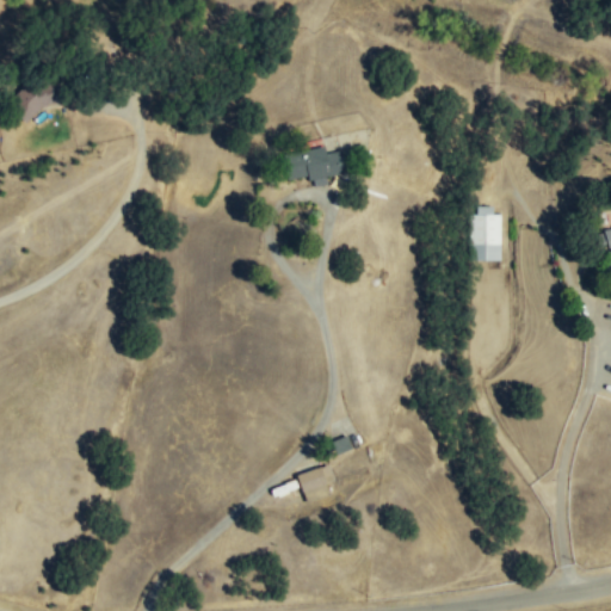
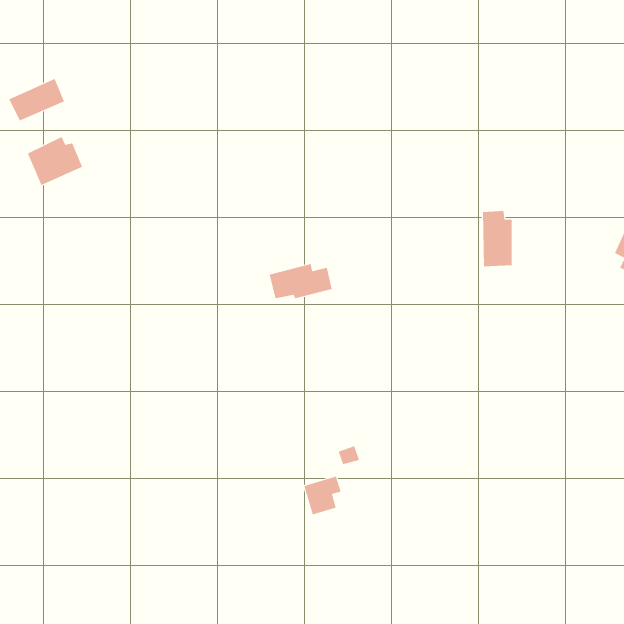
building: none -> [27,136,83,186]
building: [283,147,345,181] -> [269,263,332,299]

